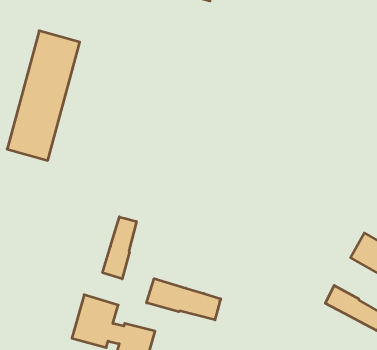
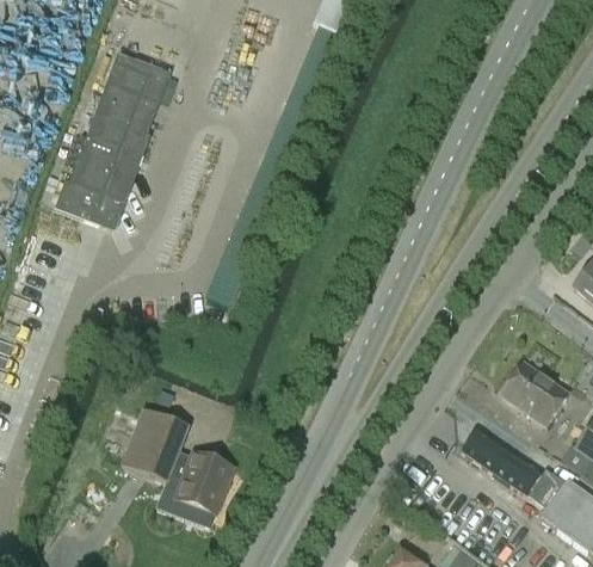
building: [103,217,136,279] -> none
building: [147,279,221,320] -> none

